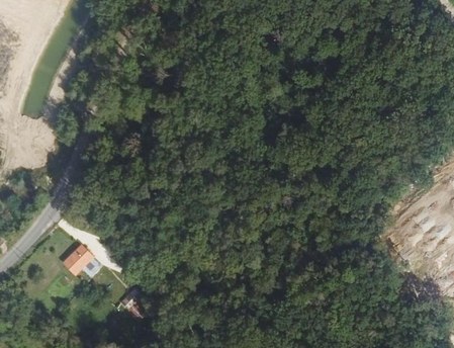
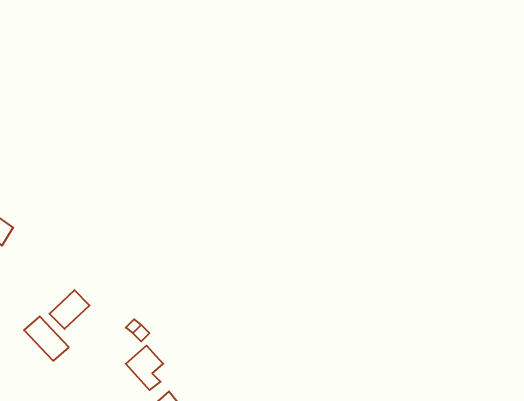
building: none -> [24,316,69,361]

